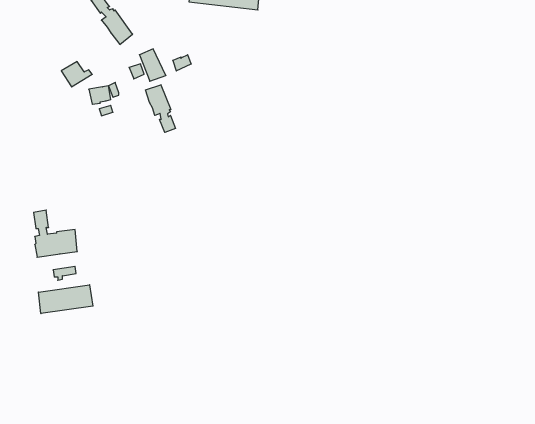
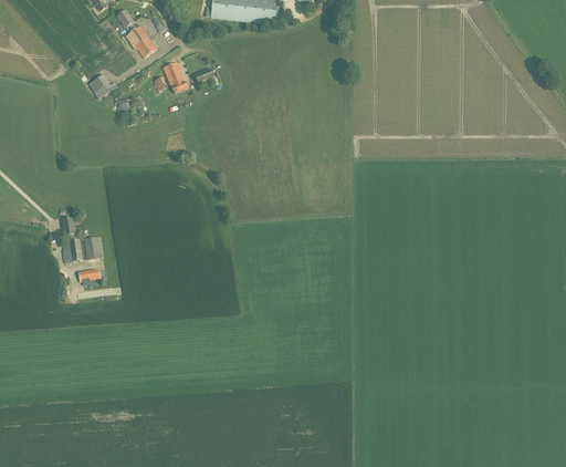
building: [146,85,175,132] -> none
building: [38,285,93,314] -> none

